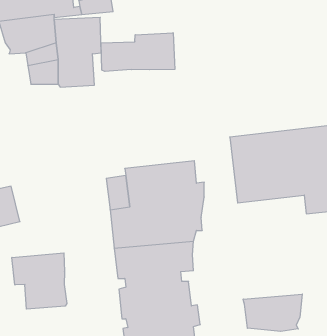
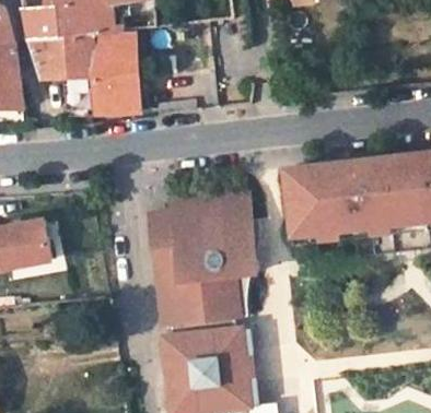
building: [101,33,175,71] -> none
building: [12,253,67,309] -> none
building: [243,294,302,331] -> none

